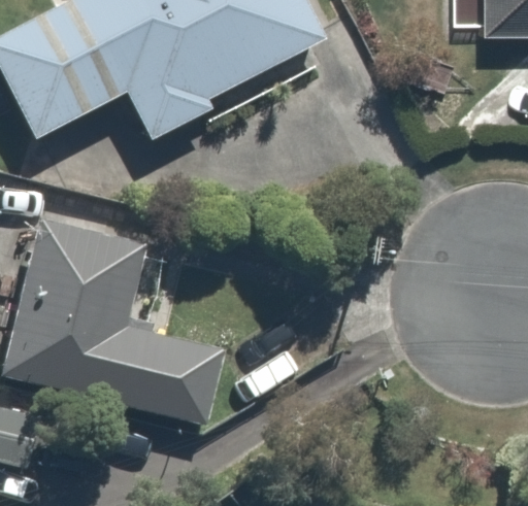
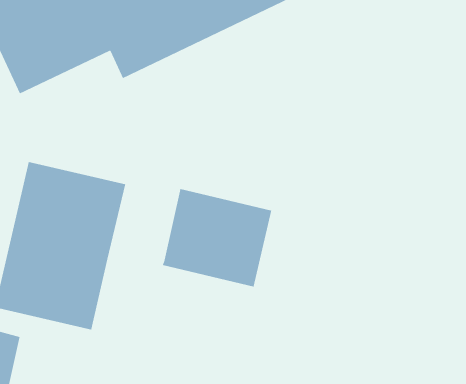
building: [107,323,227,430] -> [162,188,272,287]

